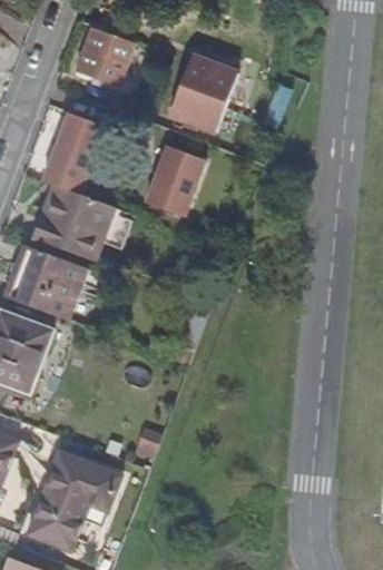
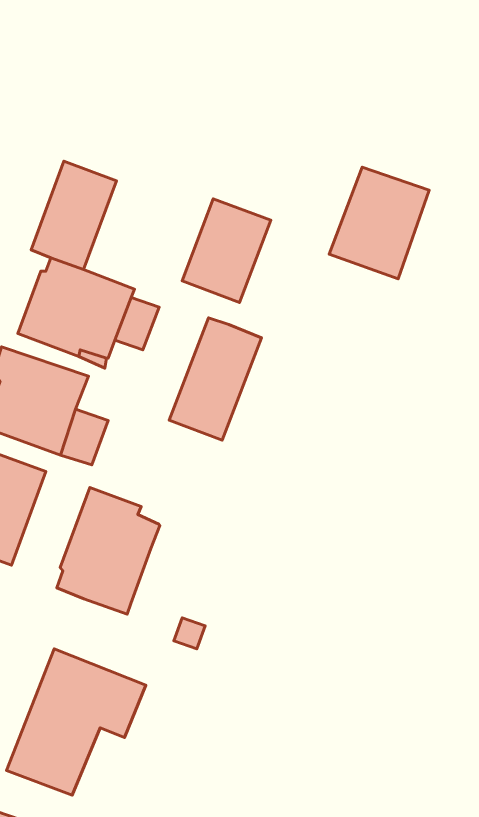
building: [79,29,135,82] -> none
building: [170,53,238,129] -> [329,167,429,279]
building: none -> [169,318,261,440]
building: none -> [57,488,160,614]

